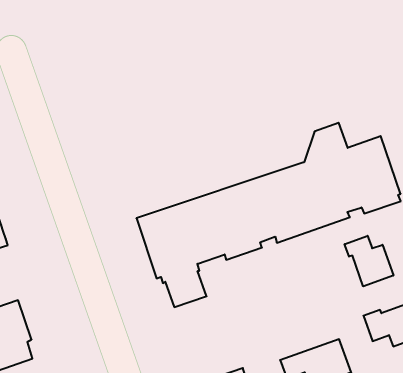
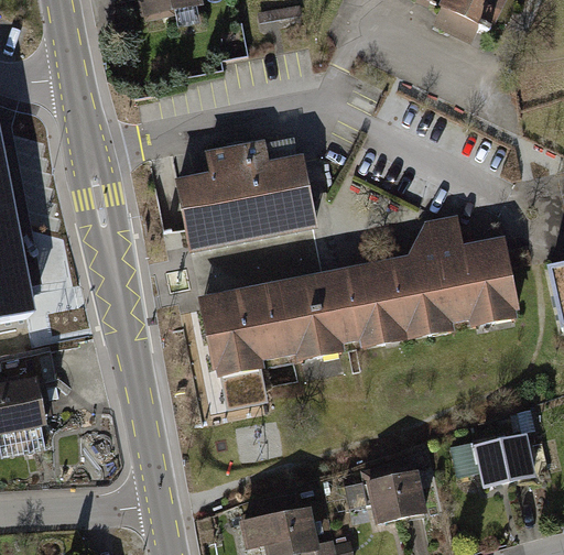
building: none -> [174,139,314,251]
building: [345,236,393,286] -> none

